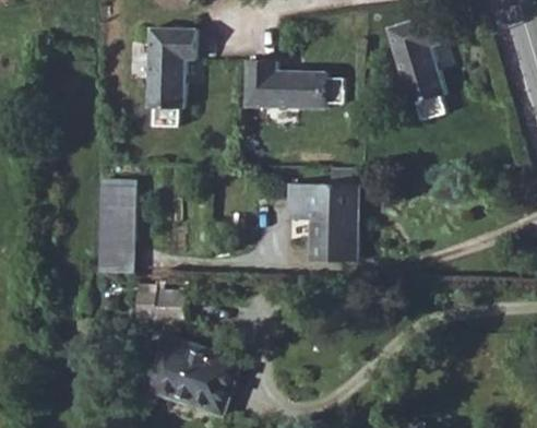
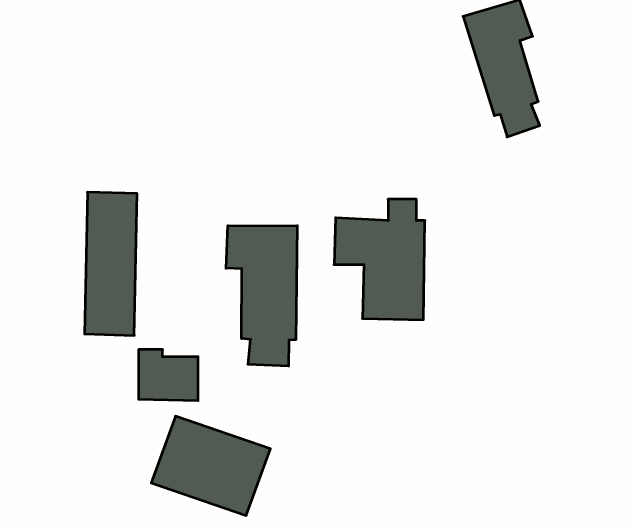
building: [148,28,196,127] -> none
building: [247,61,345,109] -> none
building: none -> [226,226,297,366]

